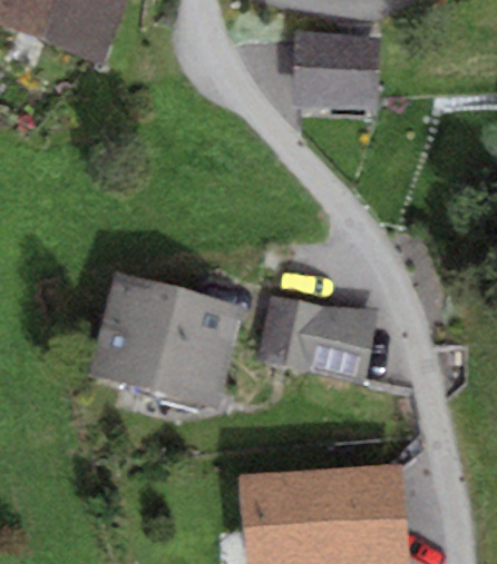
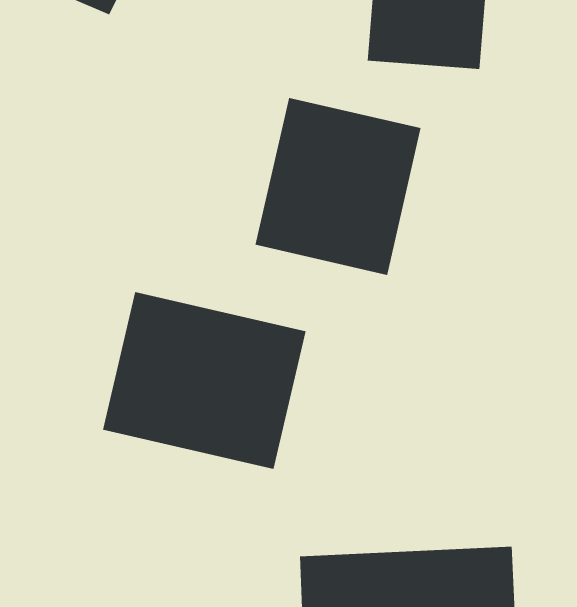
building: none -> [255,97,421,276]
building: [257,298,377,383] -> none

